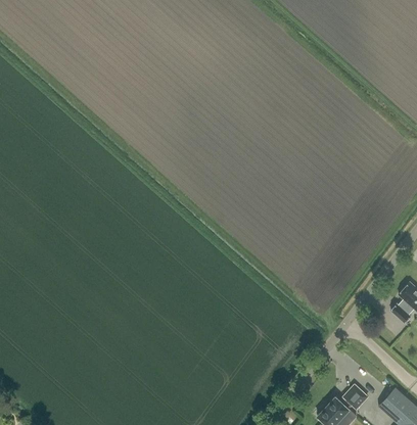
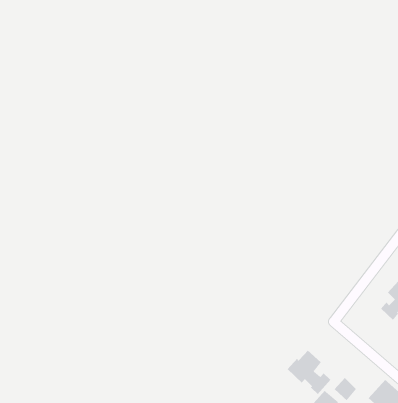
building: none -> [287,350,331,395]

